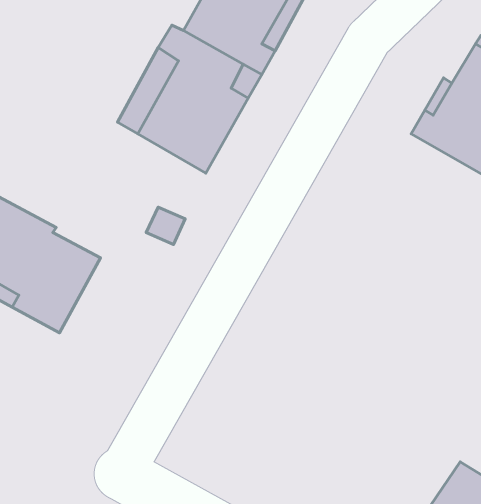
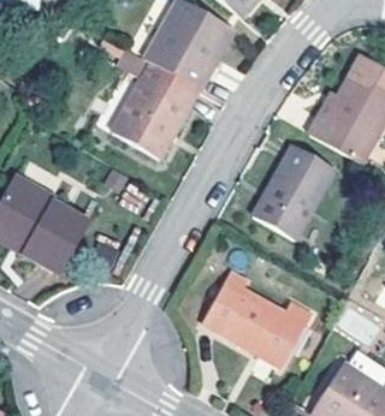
building: none -> [251,144,333,238]
building: none -> [203,273,313,367]

